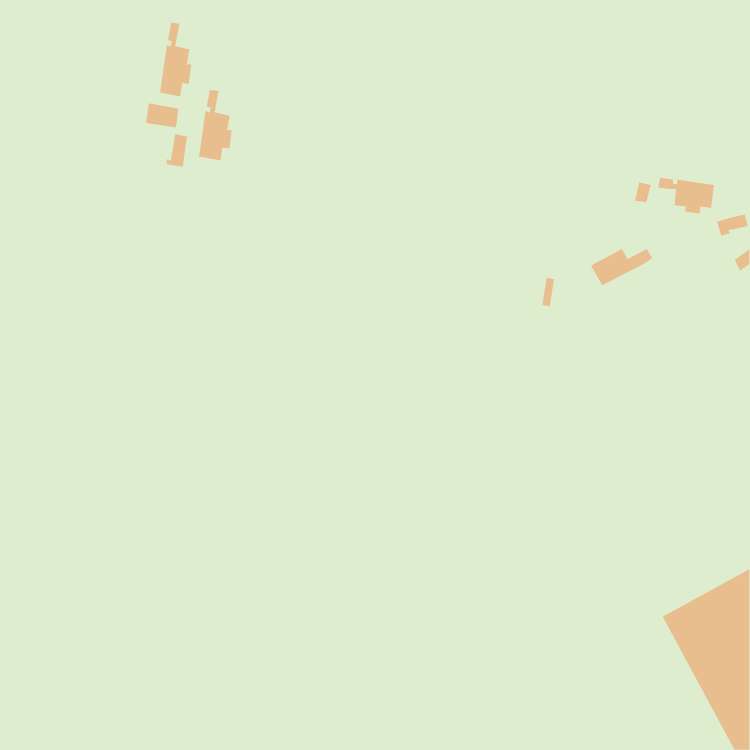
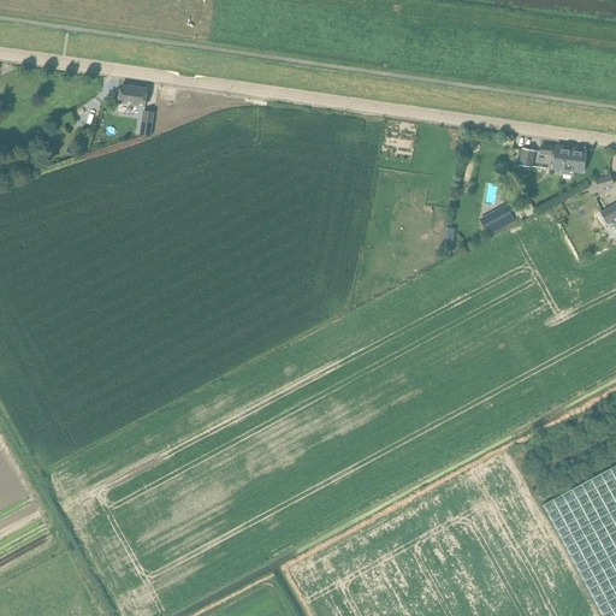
building: [159,22,192,97] -> none
building: [199,89,232,161] -> none

